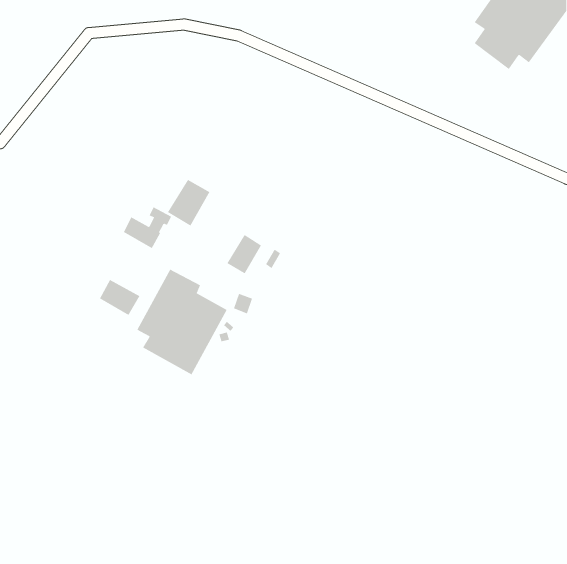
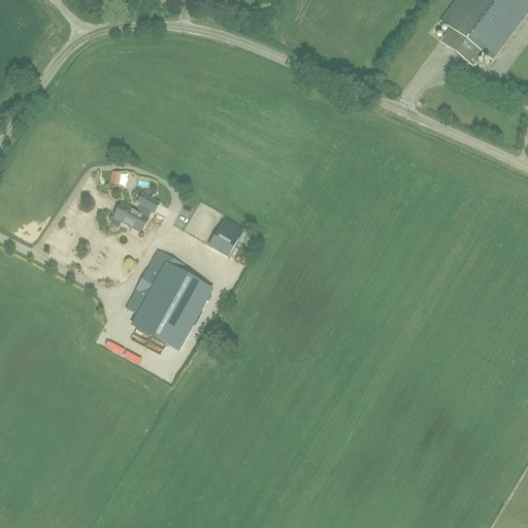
building: [167,179,210,226] -> none
building: [99,279,140,316] -> none

